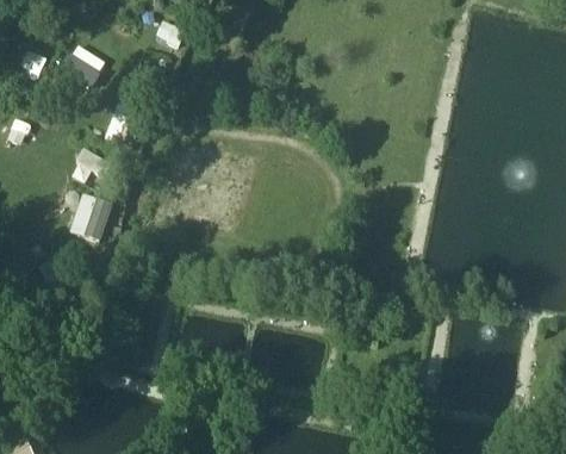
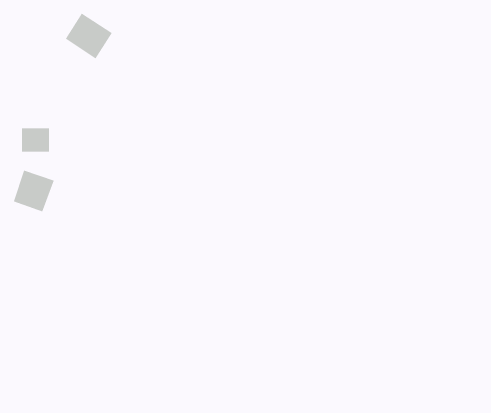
building: [62,44,110,91] -> [65,13,113,59]

